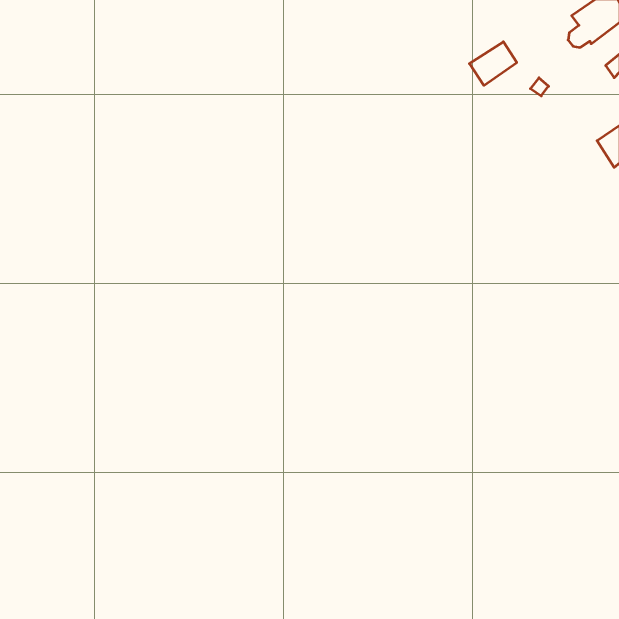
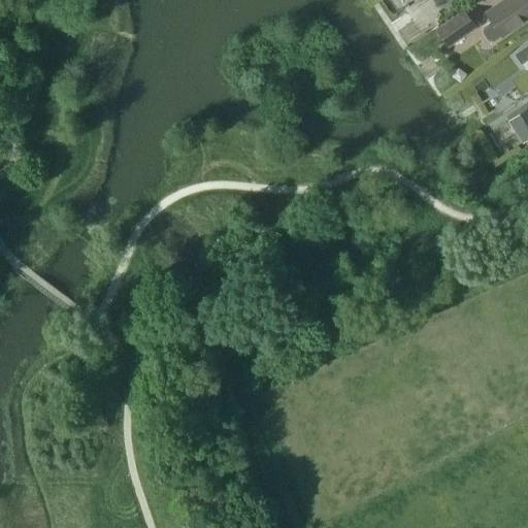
building: [469,42,517,85] -> [436,9,476,46]

